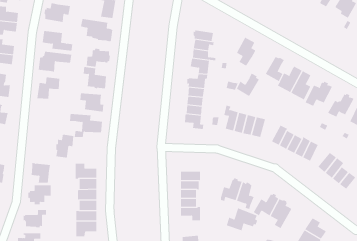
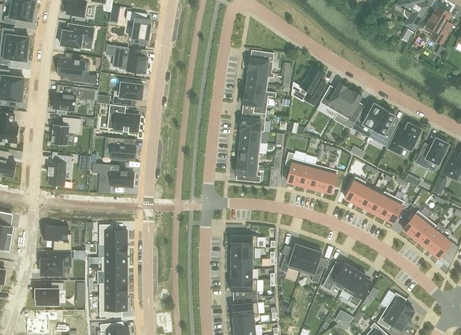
building: [236,73,260,97] -> [319,83,349,113]
building: [56,134,74,158] -> [48,155,71,185]
building: [226,208,258,231] -> none
building: none -> [230,297,258,317]

